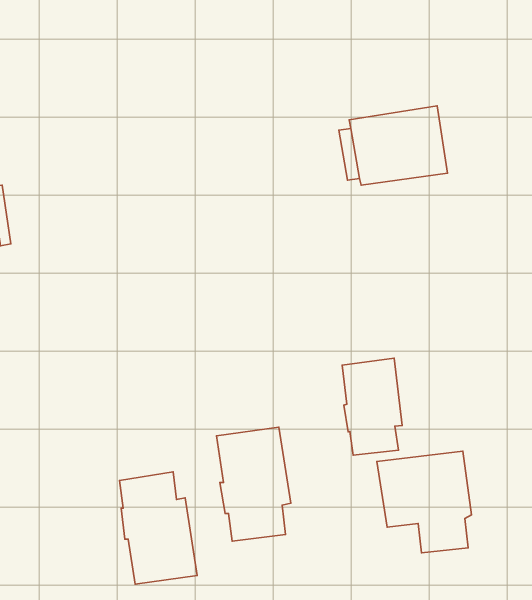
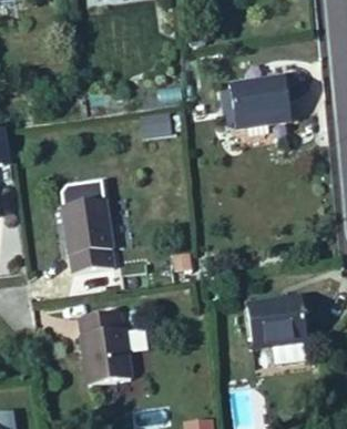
building: [342,358,402,455] -> none
building: [217,427,291,541] -> [64,198,112,272]

